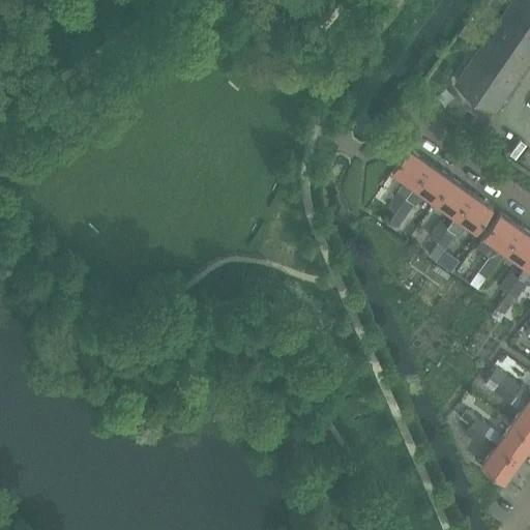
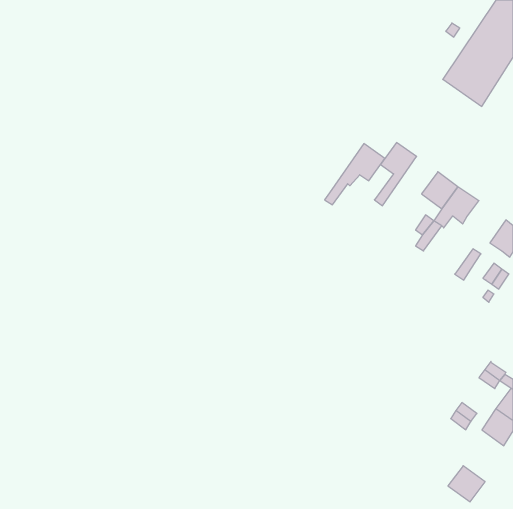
building: [389,166,451,229] -> [325,144,385,205]
building: [483,216,522,255] -> none
building: [481,447,520,484] -> [448,466,485,502]

